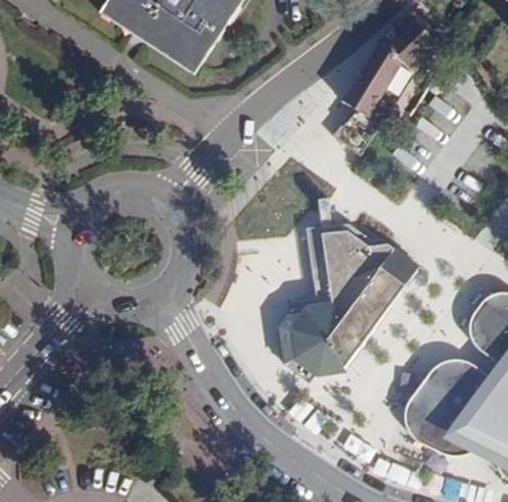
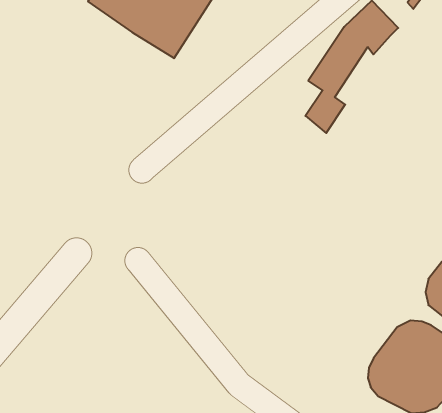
building: [280,228,420,376] -> none

